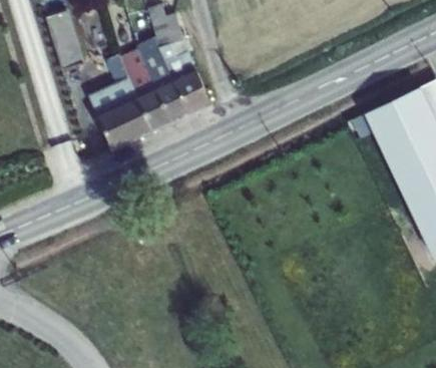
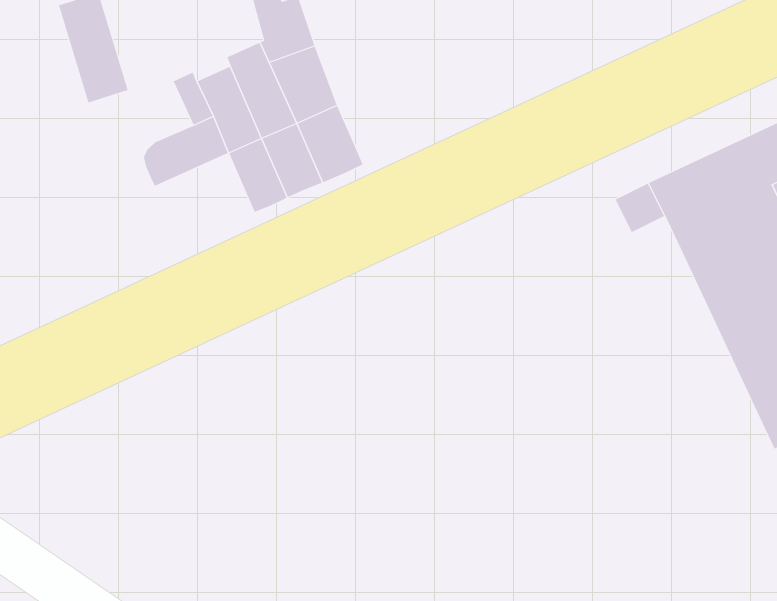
building: [97,97,151,147] -> none

